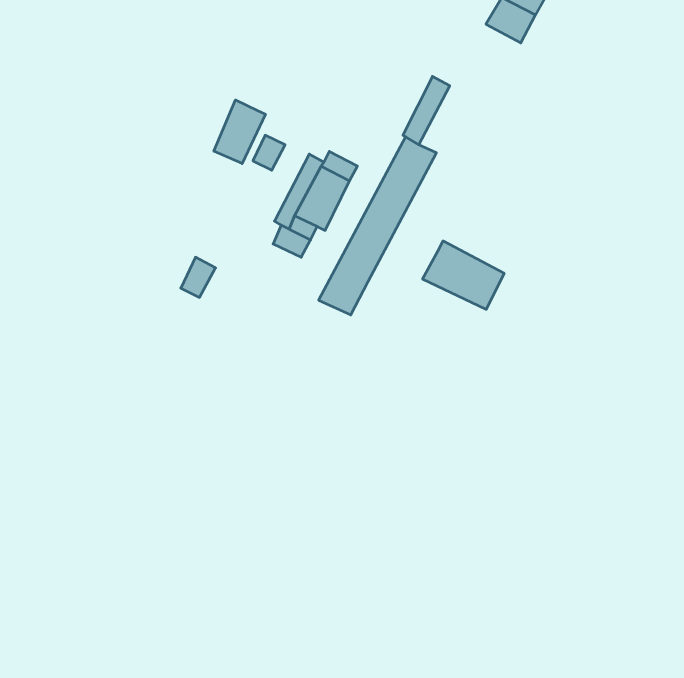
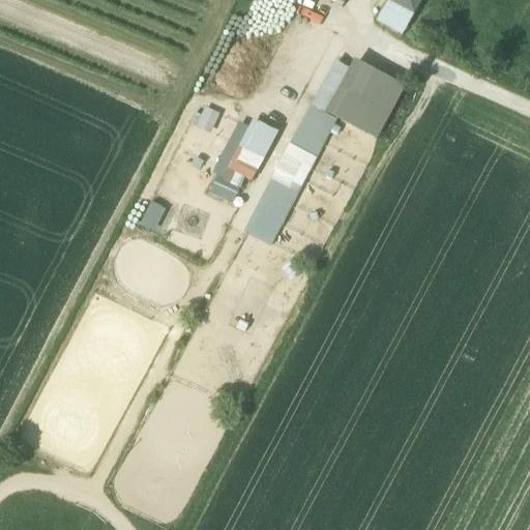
building: none -> [327,62,403,136]
building: [214,100,265,164] -> none
building: [423,241,504,309] -> none

